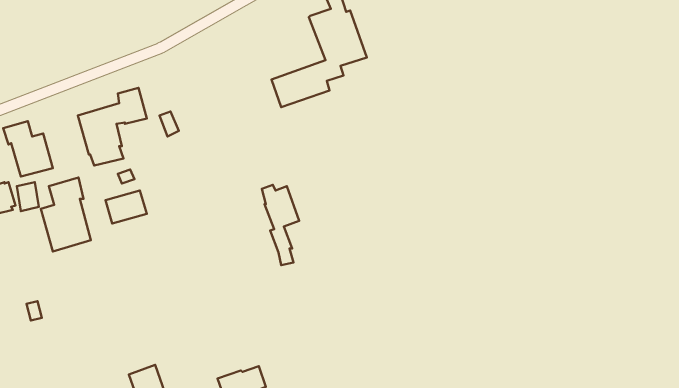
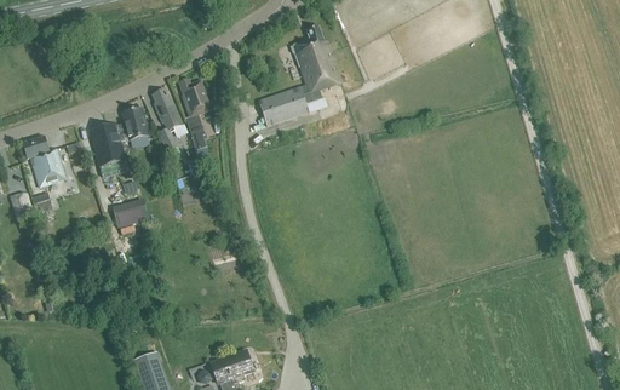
building: none -> [153,90,183,128]
building: [41,178,91,252] -> none
building: [262,185,299,265] -> [179,79,212,149]

